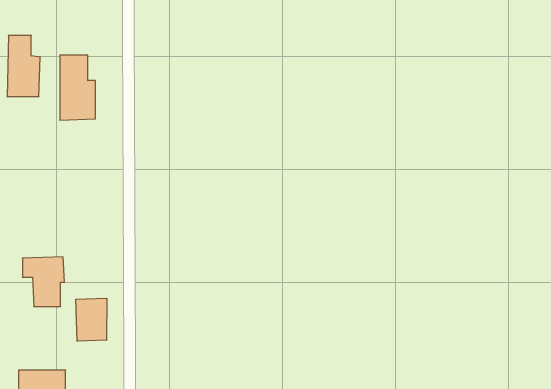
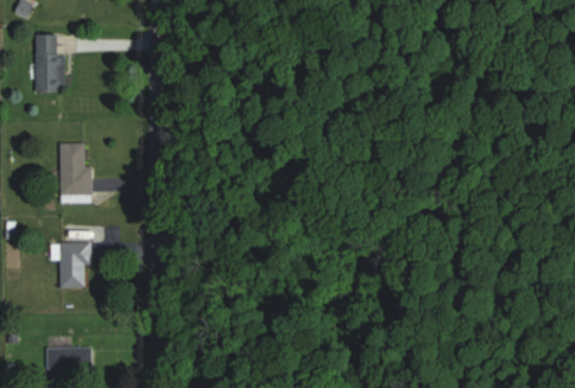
building: [60,55,95,120] -> [59,142,93,203]
building: [76,298,107,341] -> none

